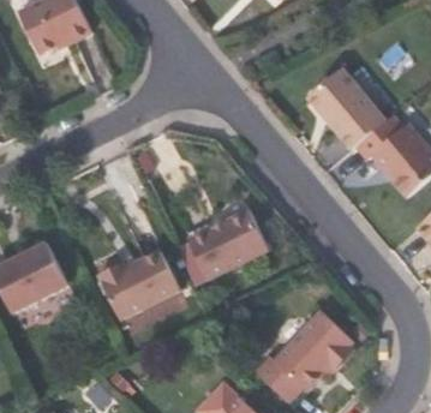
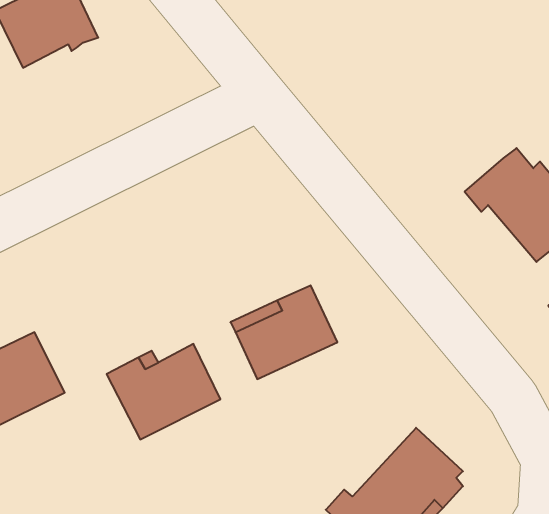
building: [304,67,382,148] -> none

